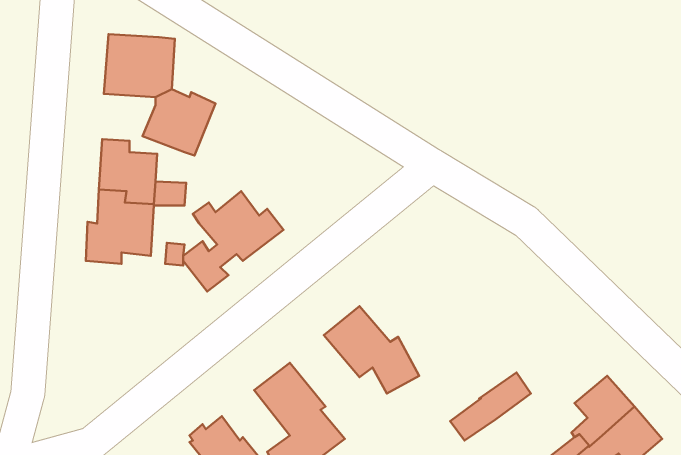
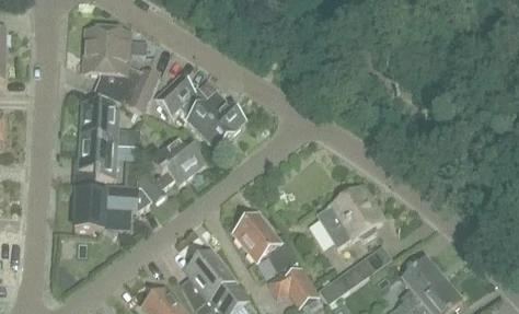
building: none -> [153,74,244,148]
building: none -> [71,185,150,229]
building: none -> [315,185,381,246]
building: none -> [279,266,319,307]

